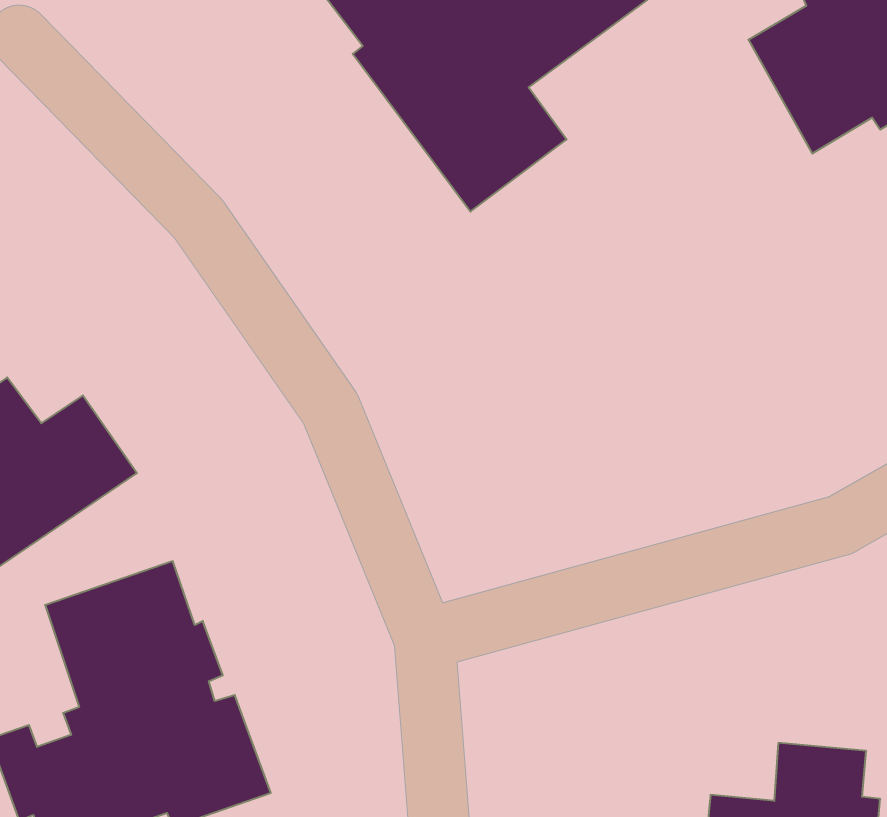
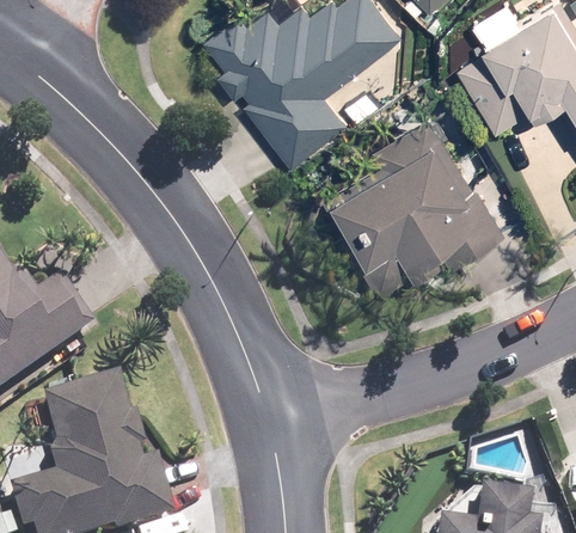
building: none -> [325,116,509,296]

